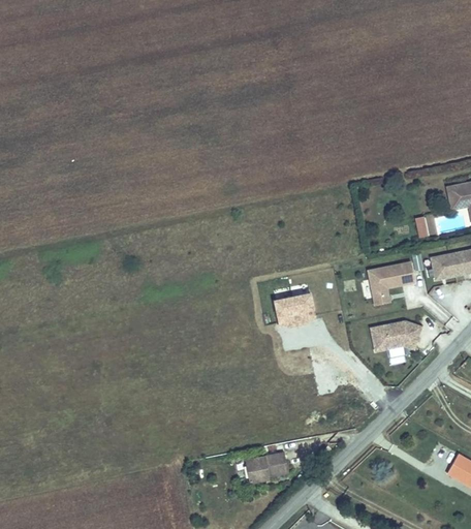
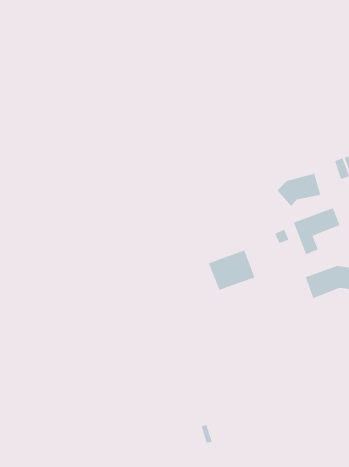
building: none -> [277,173,321,207]
building: [247,447,290,478] -> none

